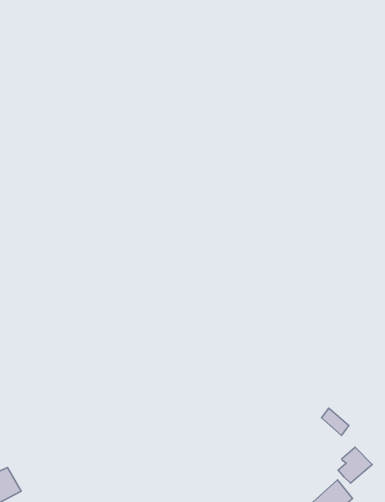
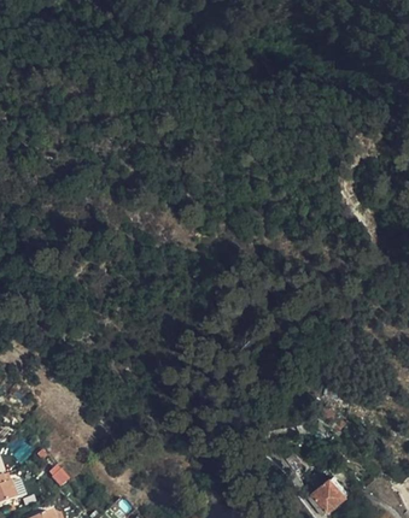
building: [338,447,372,483] -> none

